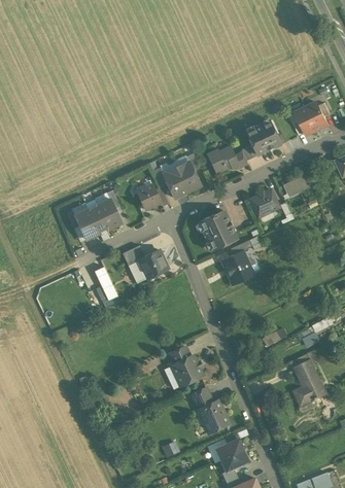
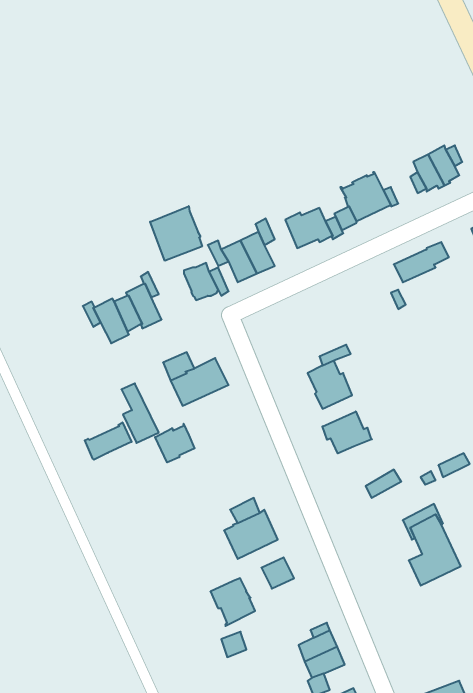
building: none -> [150,206,202,261]
building: [249,190,278,217] -> none
building: [198,211,235,250] -> none
building: none -> [322,411,372,453]
building: none -> [85,422,132,460]
building: none -> [155,424,195,462]
building: [197,400,228,433] -> [210,578,255,626]

